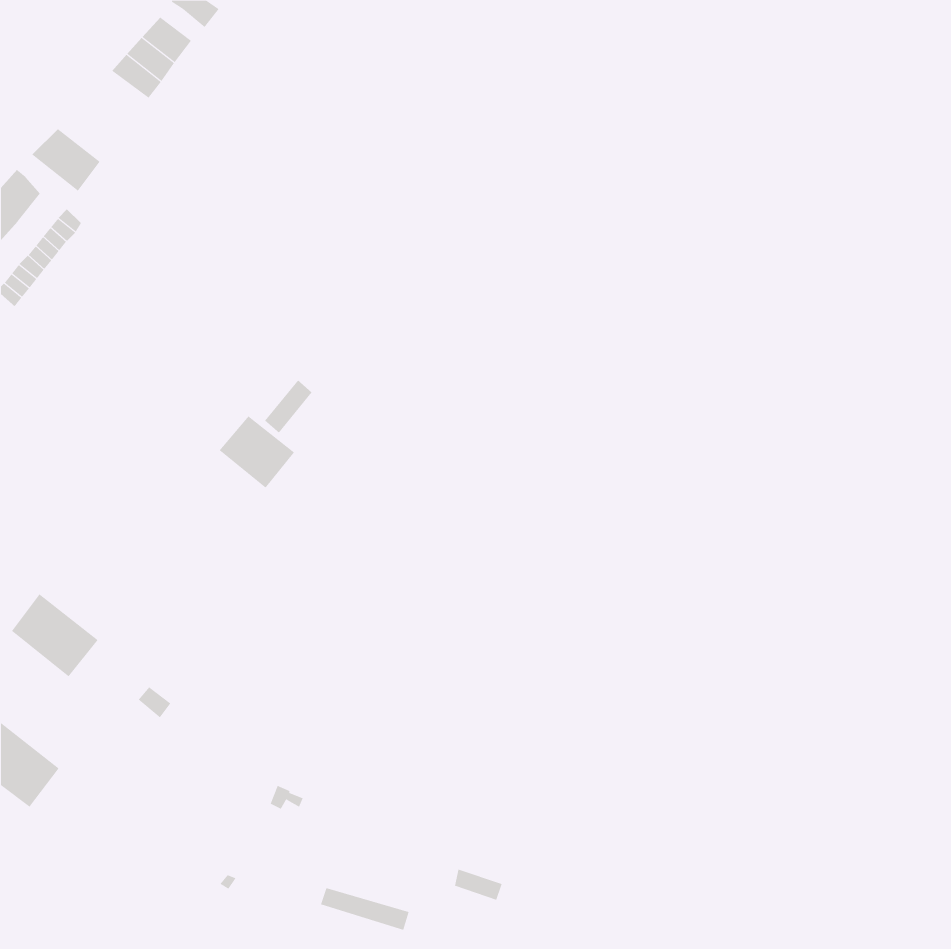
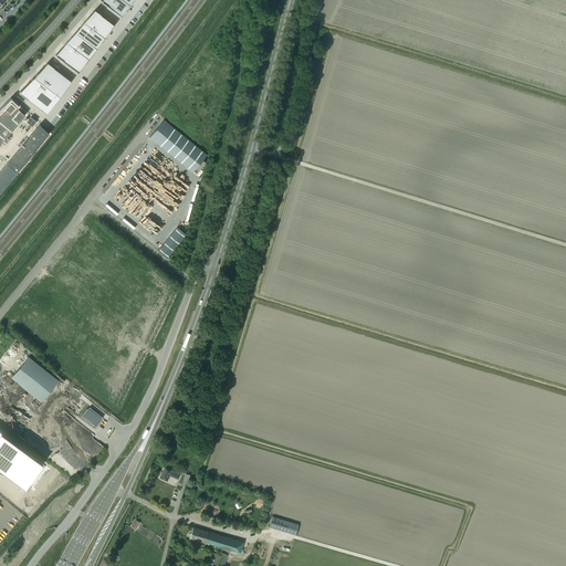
building: none -> [55,43,88,73]
building: none -> [34,64,72,97]
building: none -> [149,120,207,174]
building: [219,415,295,489] -> none

